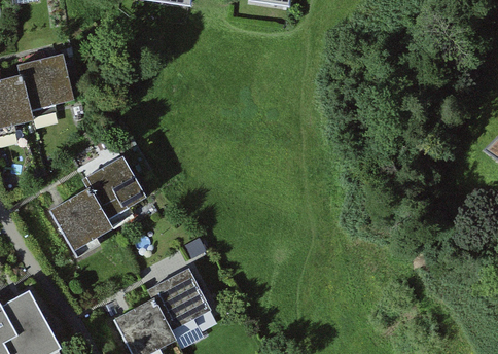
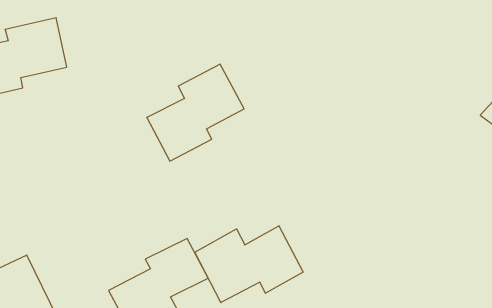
building: [47,153,143,249] -> [147,64,244,161]
building: none -> [195,226,303,303]

